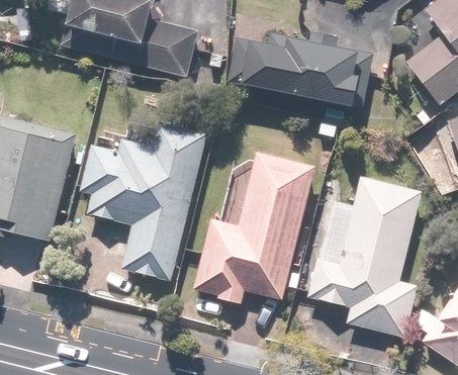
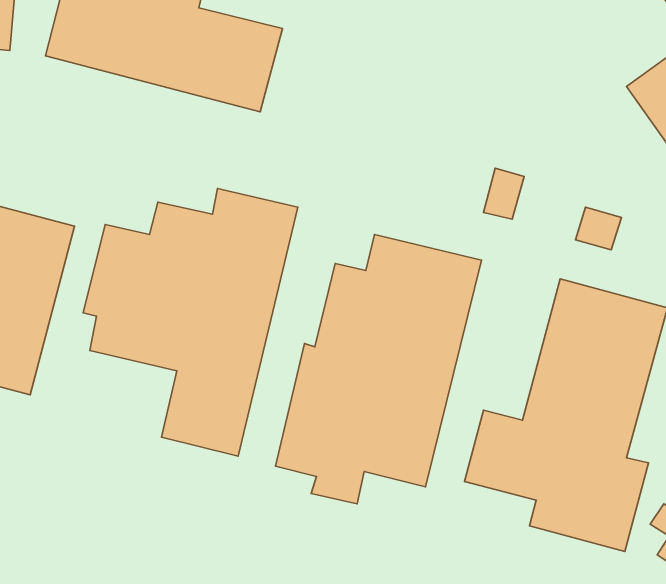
building: [231,32,355,107] -> none

